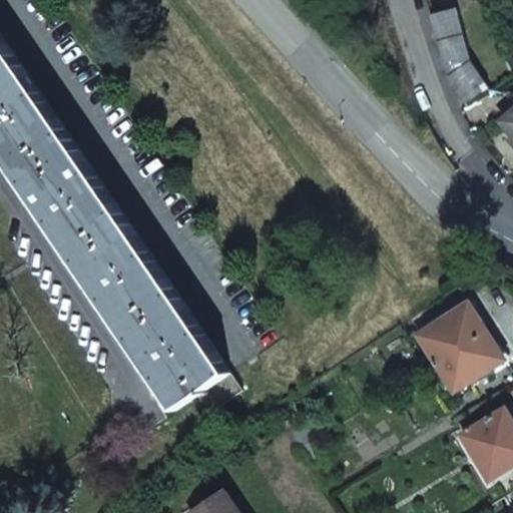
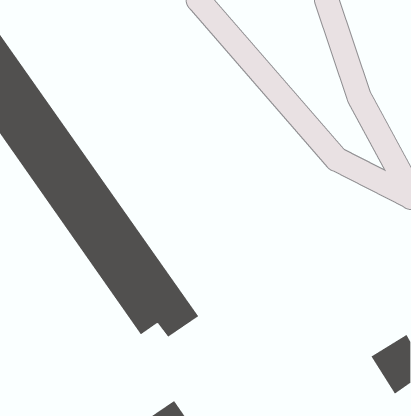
building: [433,14,477,105] -> none
building: [407,309,493,397] -> none

